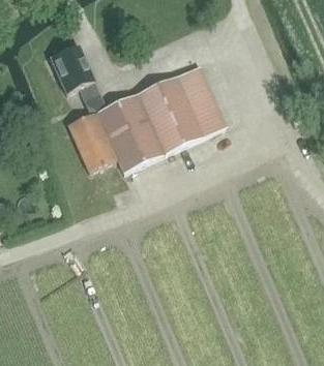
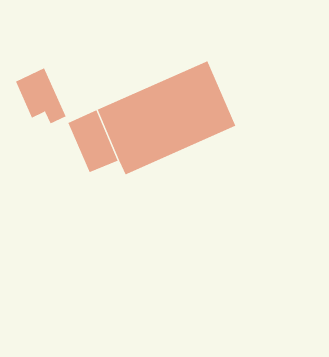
building: [50,45,98,99] -> [15,67,66,124]

